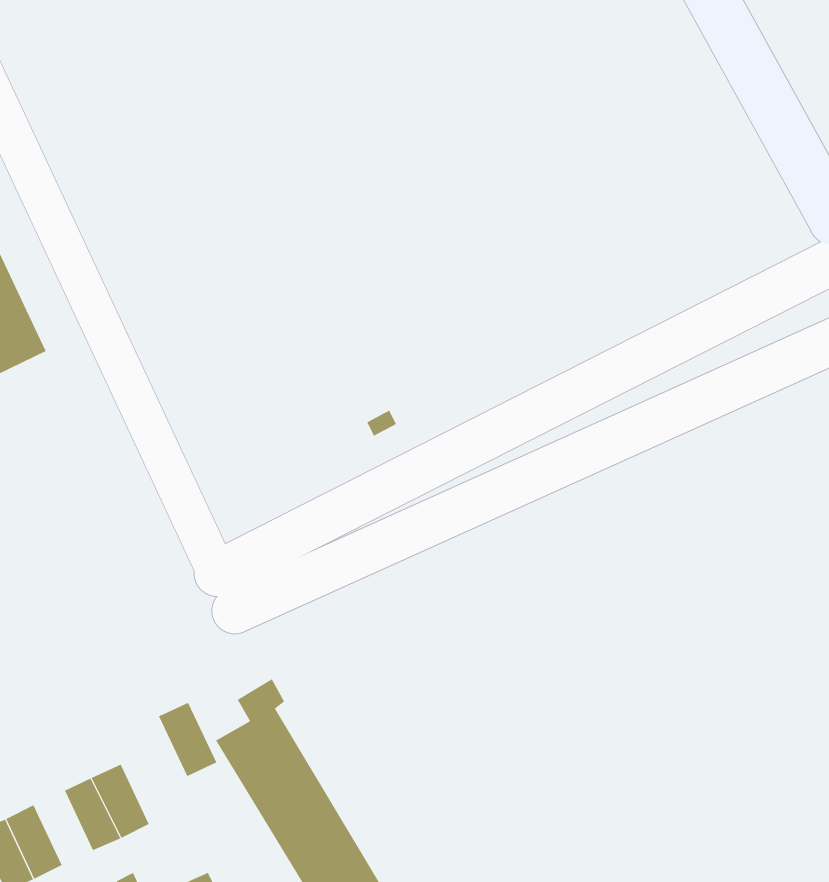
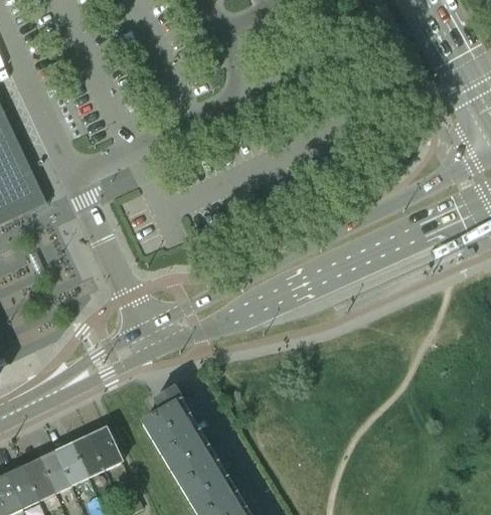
building: [158,702,217,777] -> [89,426,122,469]
building: none -> [39,450,72,492]

